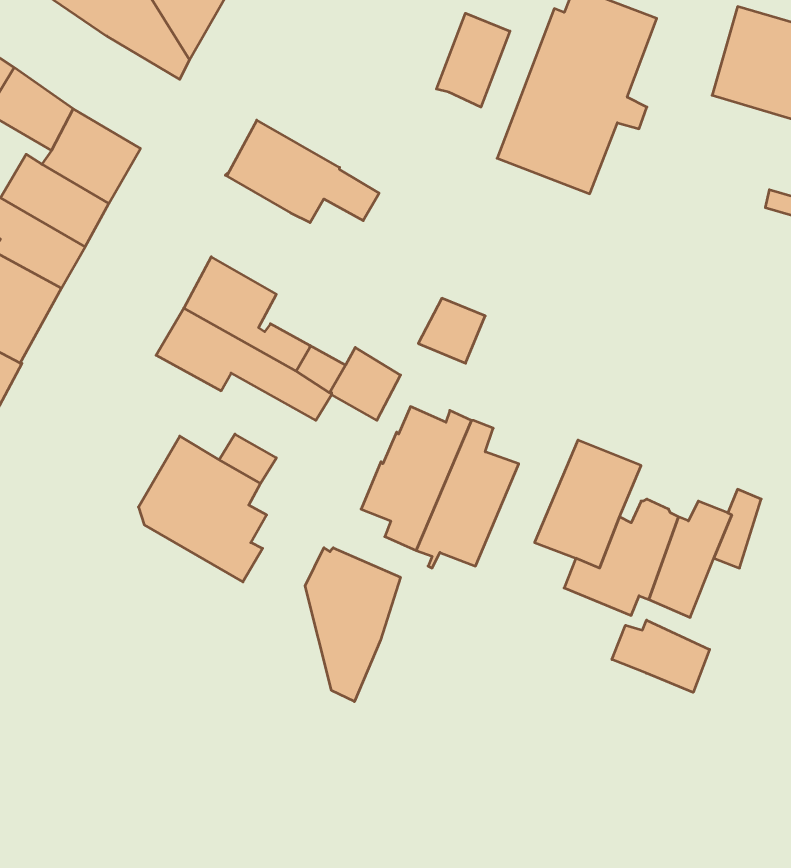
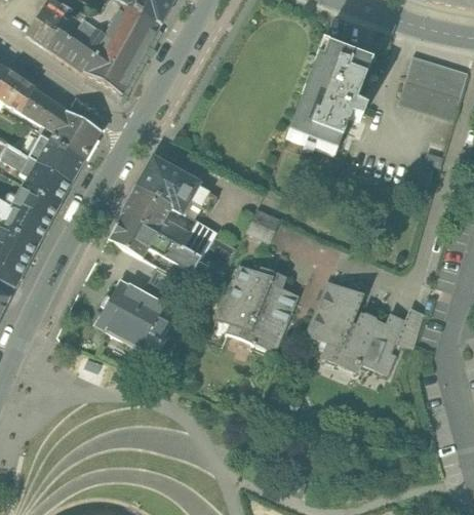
building: [436,13,510,107] -> none
building: [225,120,379,223] -> [137,157,218,210]
building: [305,548,400,702] -> none
building: [612,620,710,692] -> none

